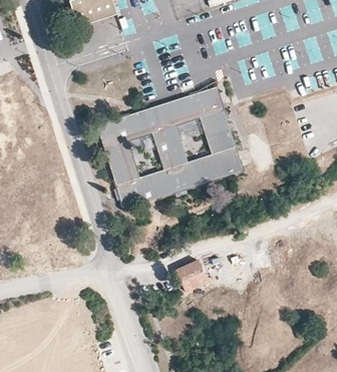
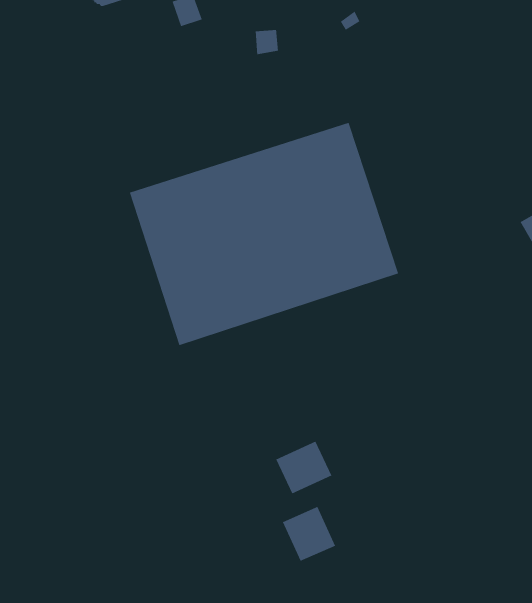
building: none -> [282,506,336,562]

